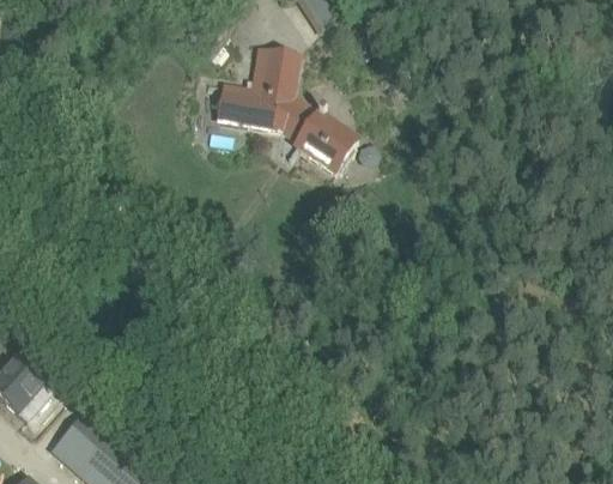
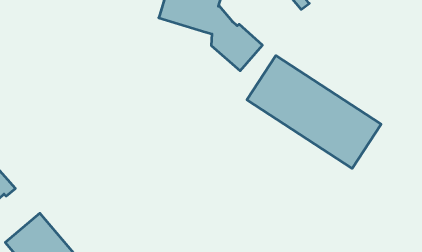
building: none -> [247,56,381,168]

